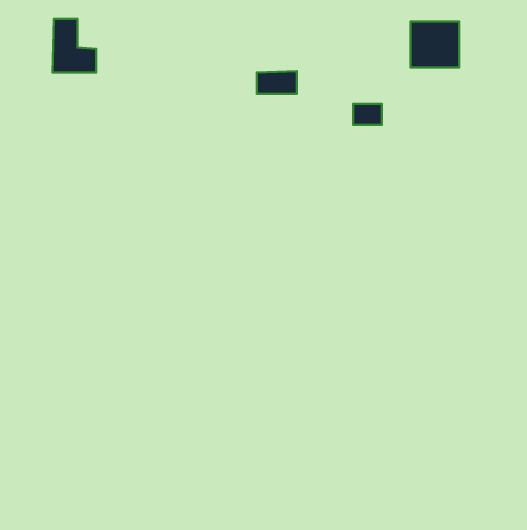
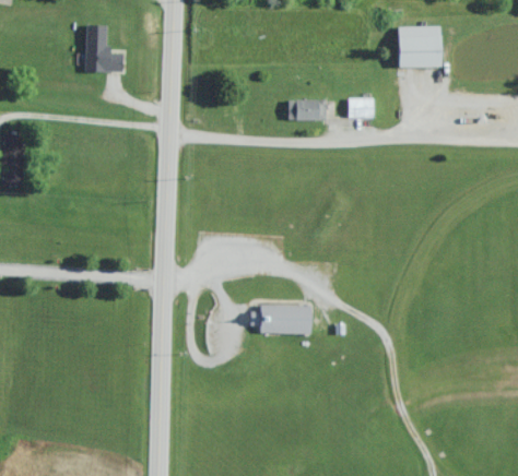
building: [257,71,297,94] -> [289,98,323,118]
building: none -> [250,304,310,334]

